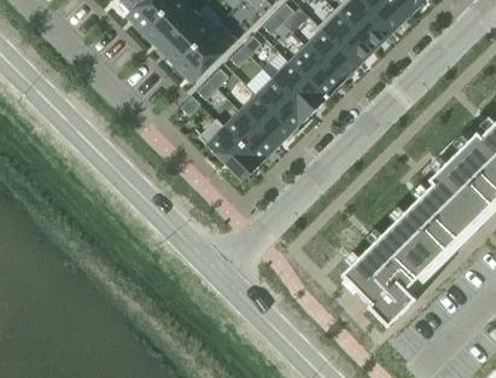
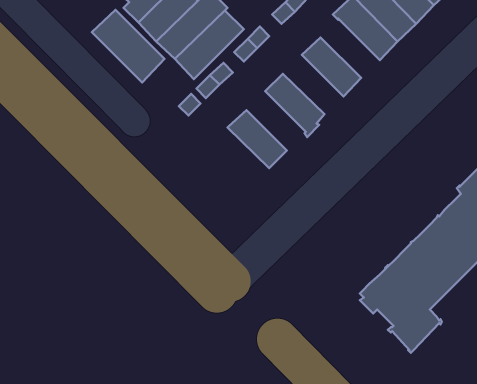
building: none -> [92,10,164,83]
building: [307,29,360,82] -> none
building: [273,62,327,115] -> none
building: [240,94,293,147] -> none
building: [198,118,261,181] -> none

